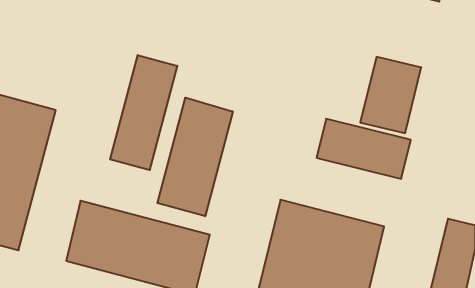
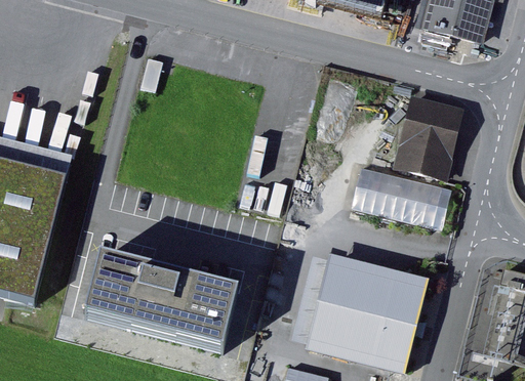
building: [110,55,177,170] -> none
building: [157,98,233,216] -> none

